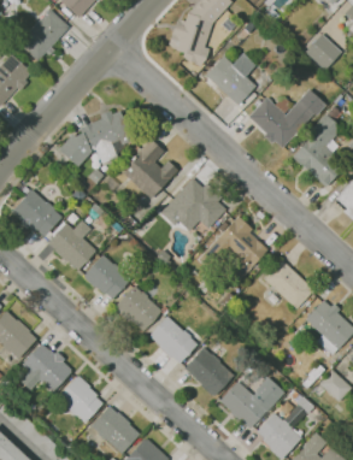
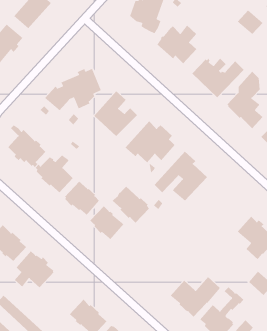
building: [263,258,314,309] -> none
building: [149,315,198,364] -> [112,186,150,224]
building: [184,348,234,396] -> none
building: [58,376,104,423] -> none

